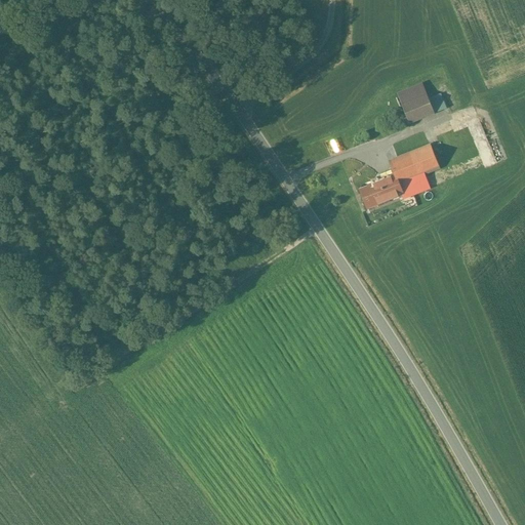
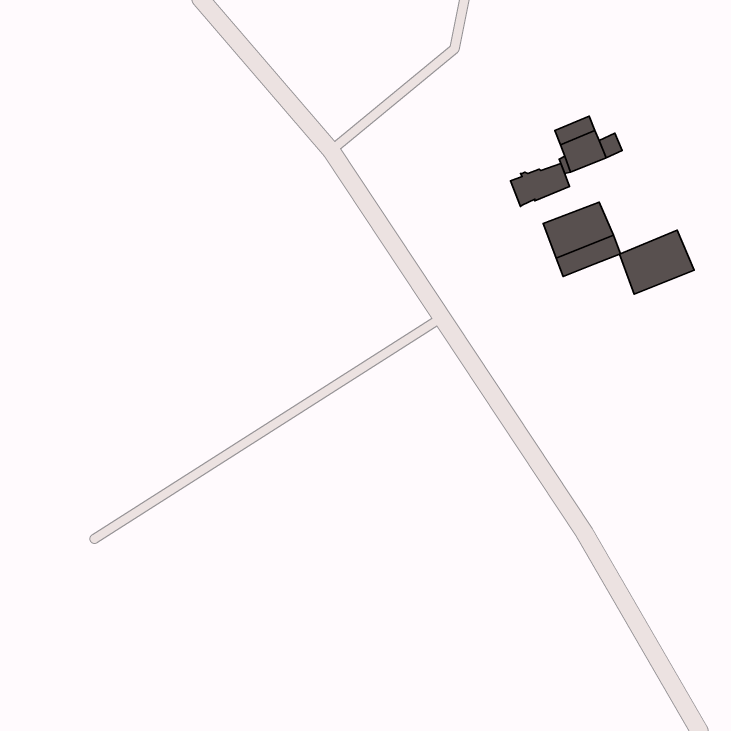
building: none -> [619,230,694,294]
building: [359,176,401,207] -> [511,163,569,206]

